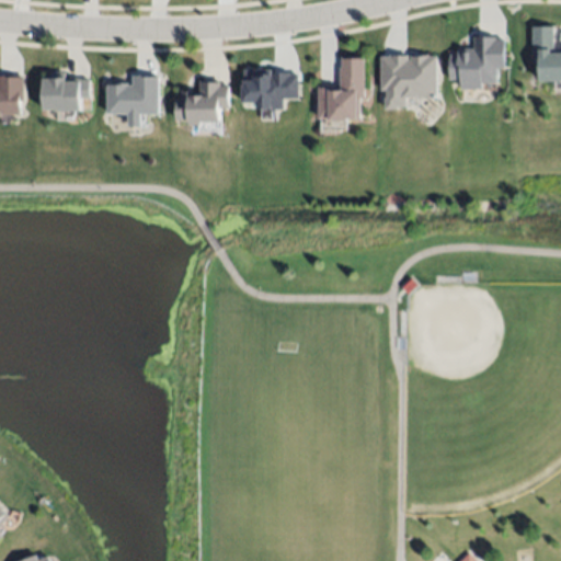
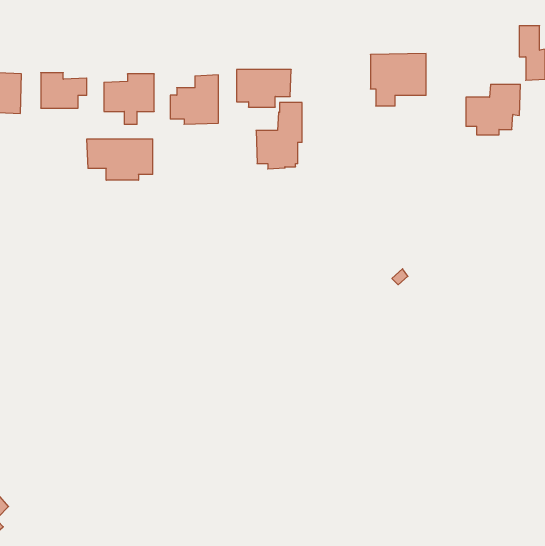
building: [448,37,504,89] -> [466,84,520,135]
building: [317,60,364,128] -> [256,103,302,169]
building: none -> [87,139,153,180]

